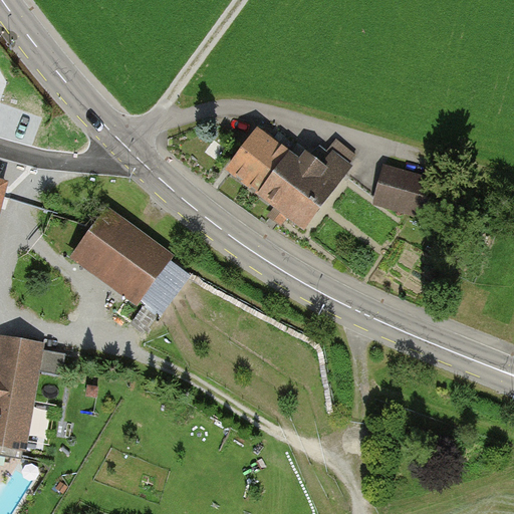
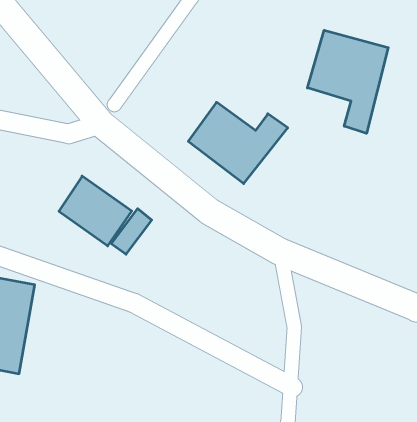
building: none -> [307,30,388,133]
building: [372,166,432,221] -> none

